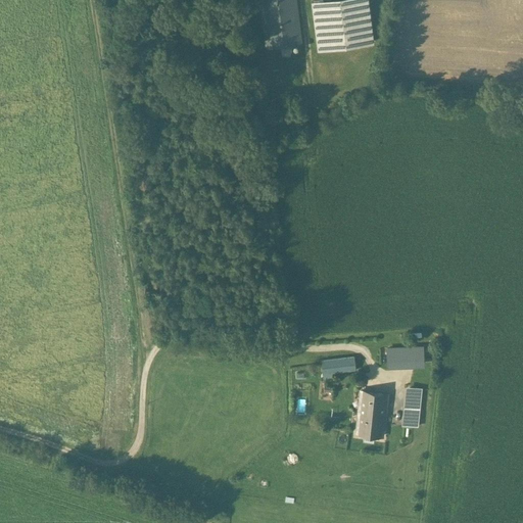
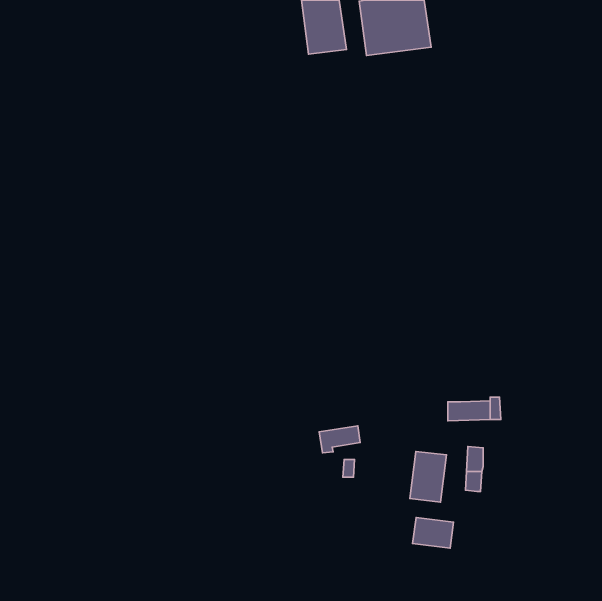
building: [320,359,355,382] -> [319,426,360,453]
building: none -> [413,517,454,548]

